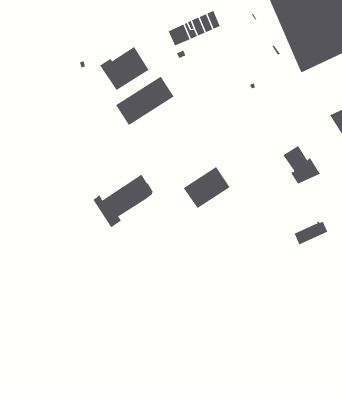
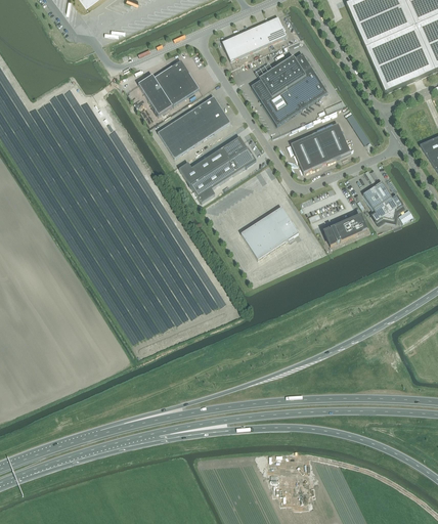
building: none -> [252,52,327,124]
building: none -> [291,122,350,171]
building: [92,174,153,228] -> [179,135,254,202]
building: [294,221,328,245] -> [324,215,366,245]

